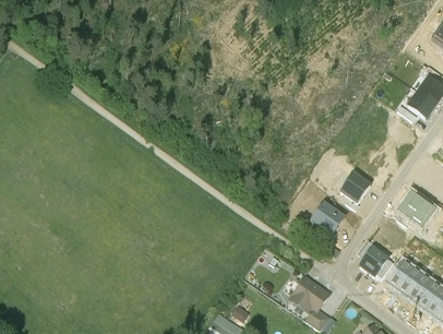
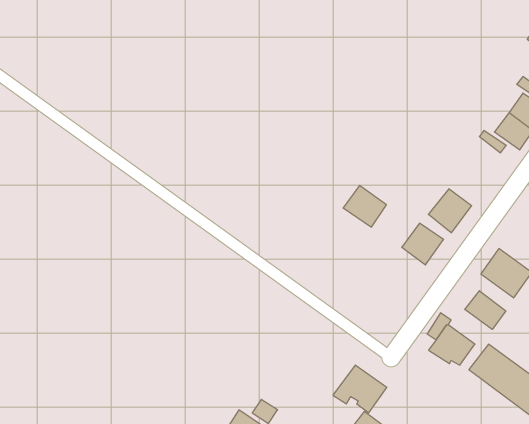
building: none -> [428,189,472,233]
building: [311,204,343,235] -> [343,185,386,227]
building: none -> [465,291,506,329]

